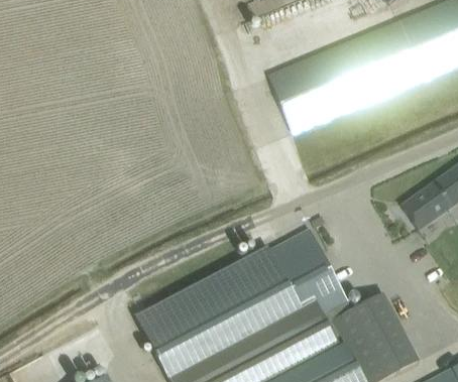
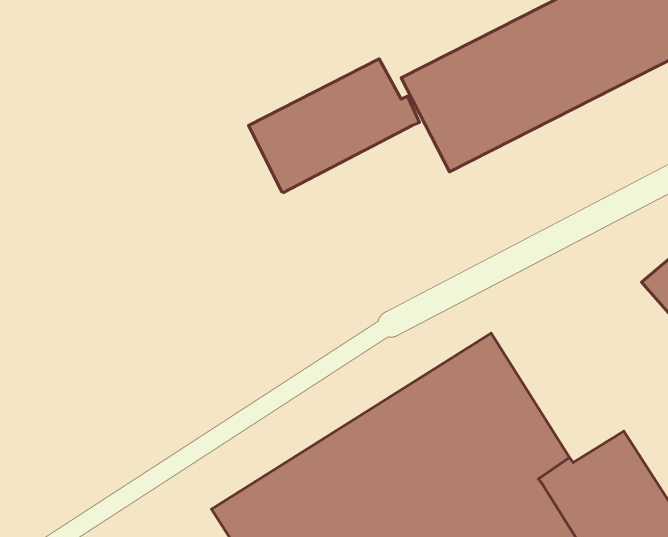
building: none -> [248,59,419,192]

